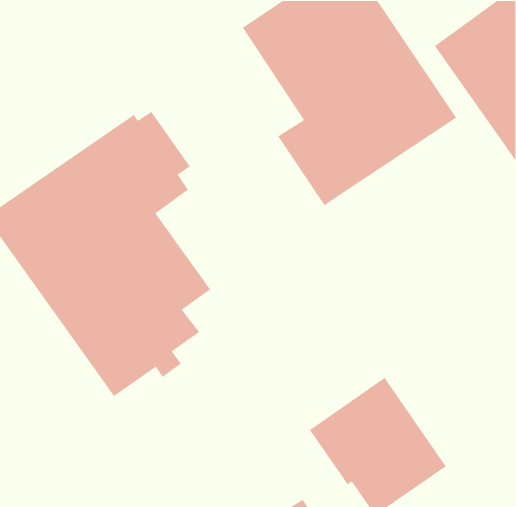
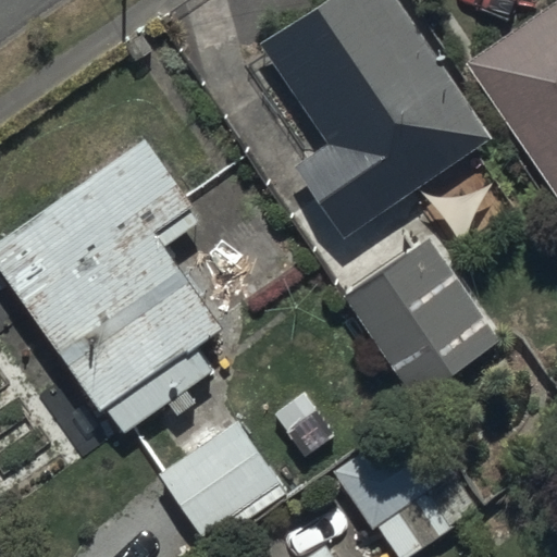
building: none -> [345,240,496,397]
building: none -> [159,423,285,548]

